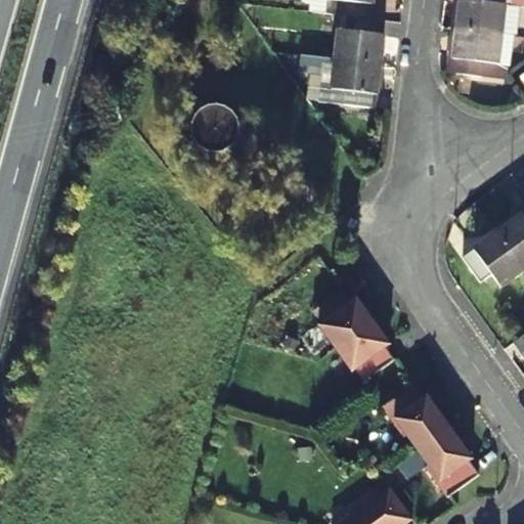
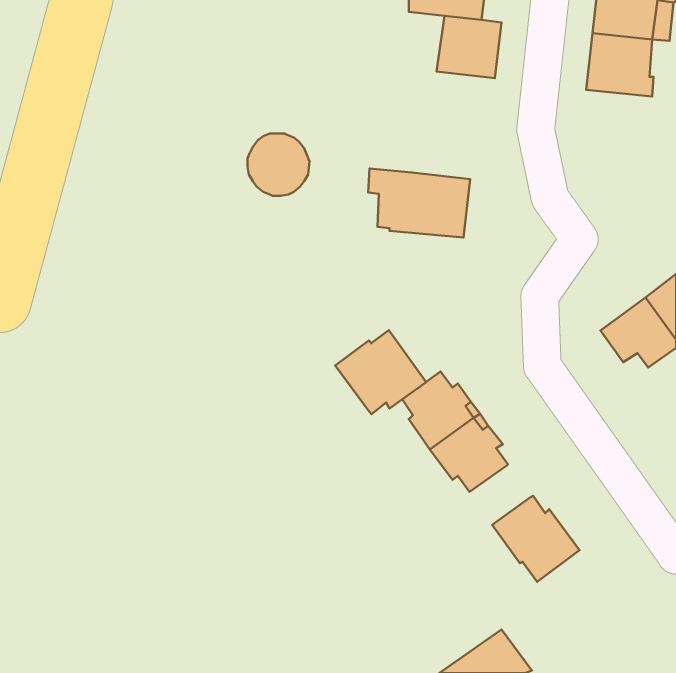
building: [304,52,383,105] -> [368,169,470,237]
building: none -> [335,330,426,414]
building: [416,426,477,496] -> none

